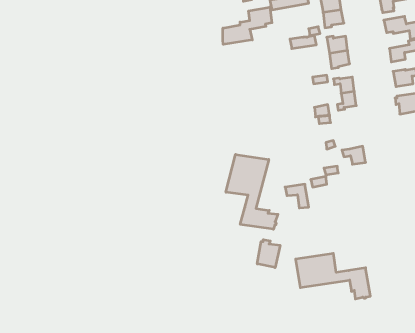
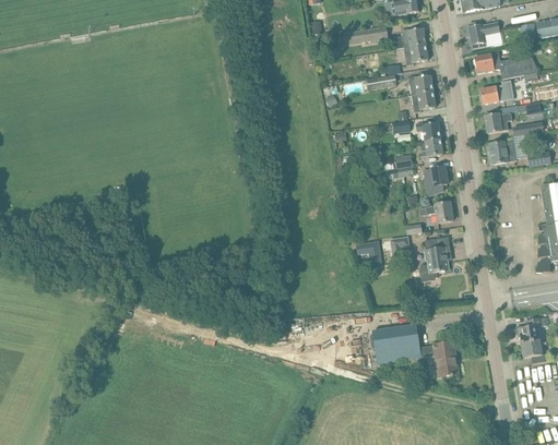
building: [223,7,272,44] -> none
building: none -> [423,165,447,196]
building: [226,154,278,229] -> none
building: none -> [419,236,451,280]
building: [257,240,280,268] -> none

